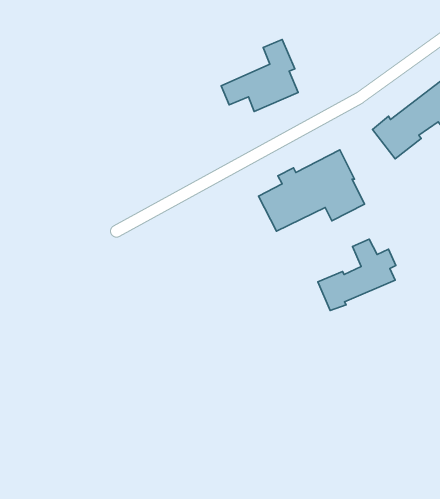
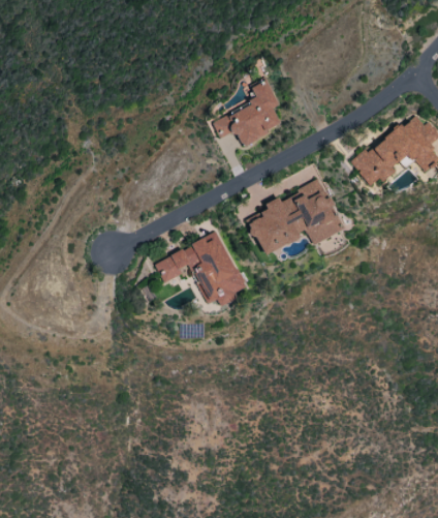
building: none -> [155,233,247,306]
building: [318,239,396,310] -> none

